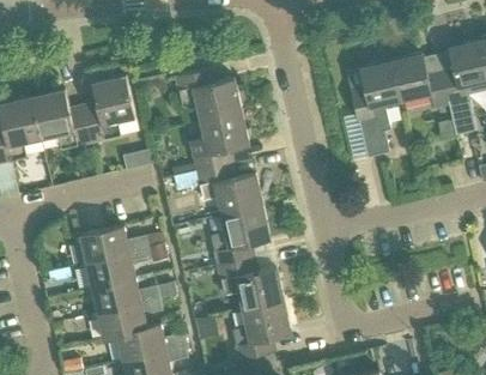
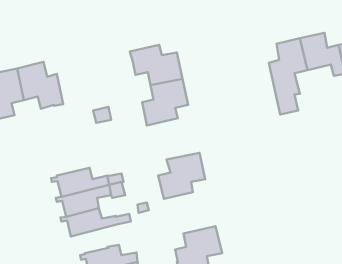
building: [80,75,134,144] -> none
building: [174,162,262,214] -> none
building: [217,256,283,309] -> none
building: [91,297,160,339] -> none

